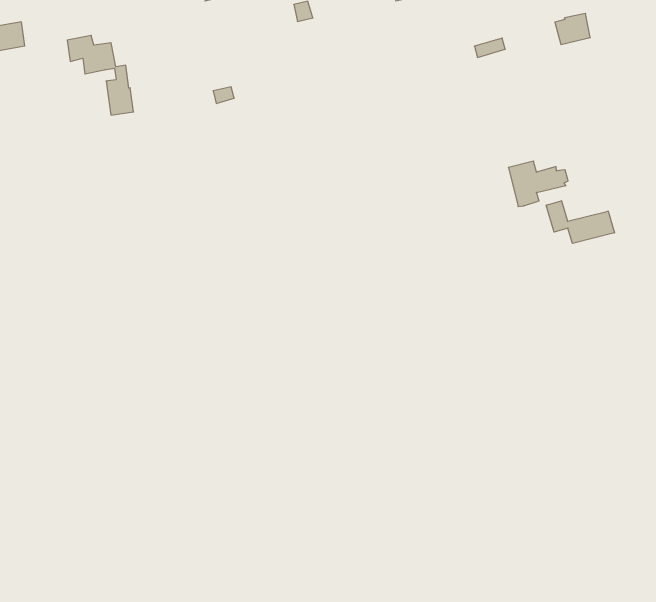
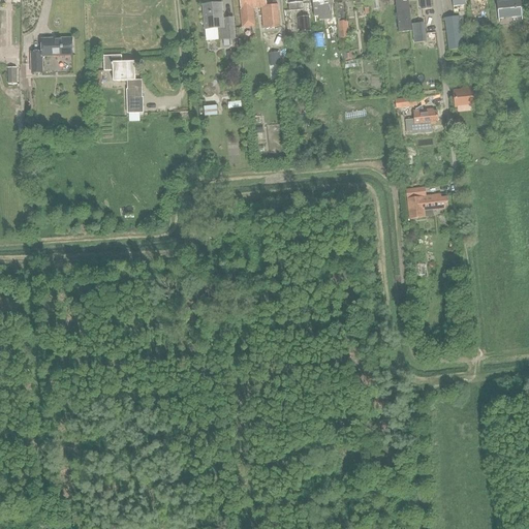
building: none -> [407,105,438,129]
building: [546,201,614,243] -> none

